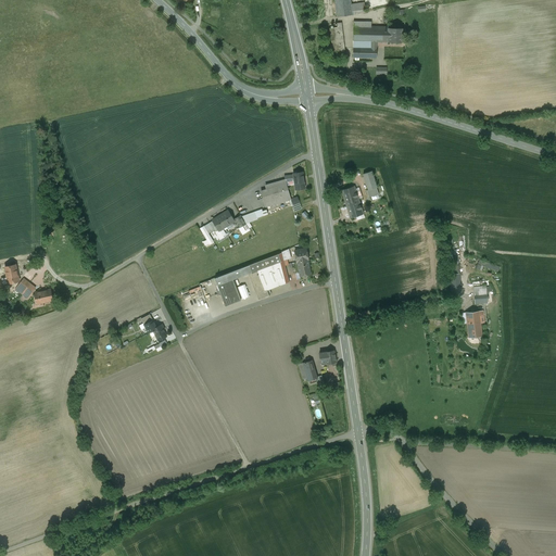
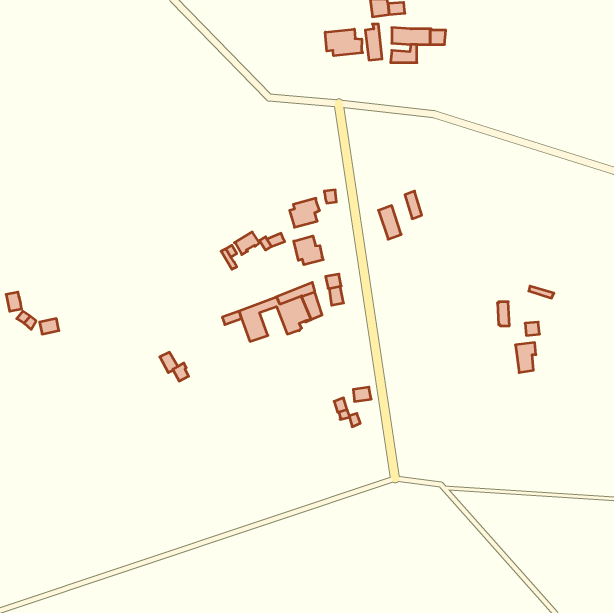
building: none -> [325,29,363,56]
building: none -> [294,236,323,265]

